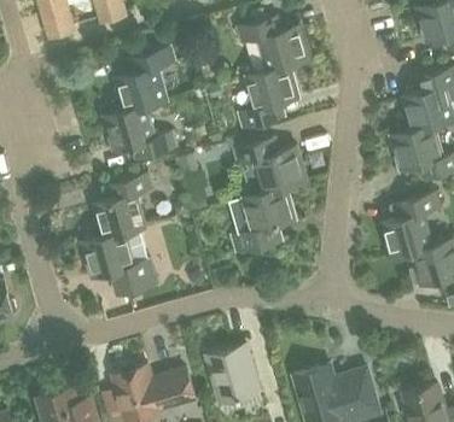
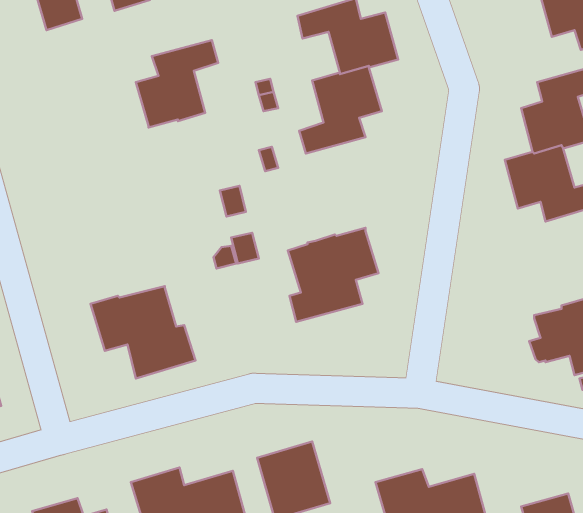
building: [101,104,177,160] -> none
building: [231,135,305,194] -> none
building: [92,170,159,236] -> none
building: [379,191,441,257] -> none

